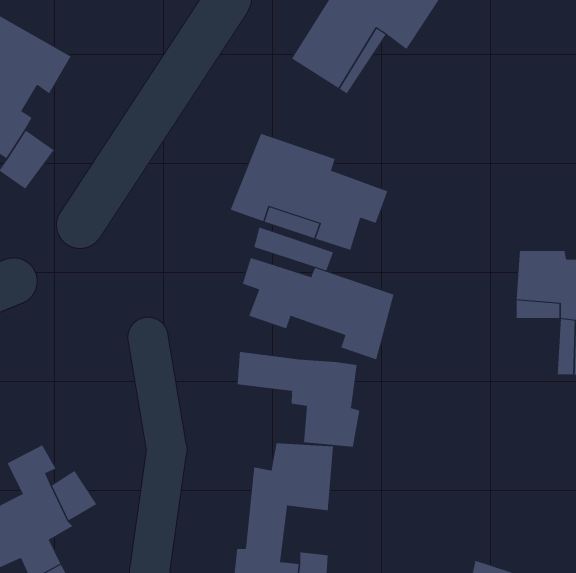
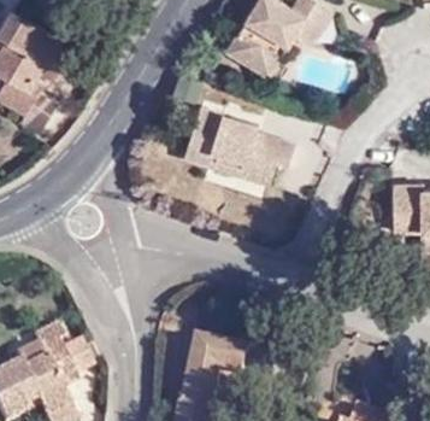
building: [242,257,394,360] -> none
building: [237,351,360,448] -> none

